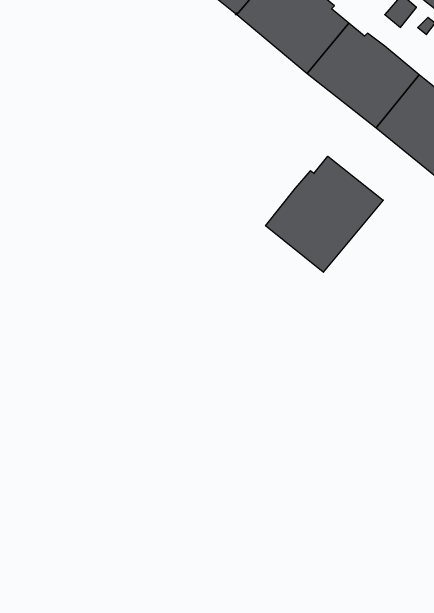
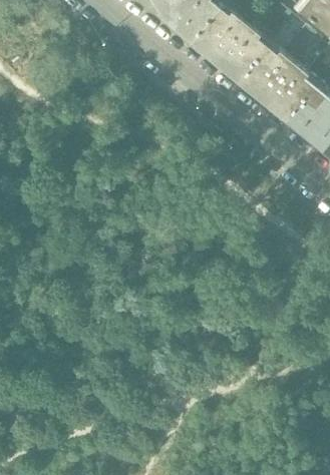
building: [266,156,383,272] -> none

